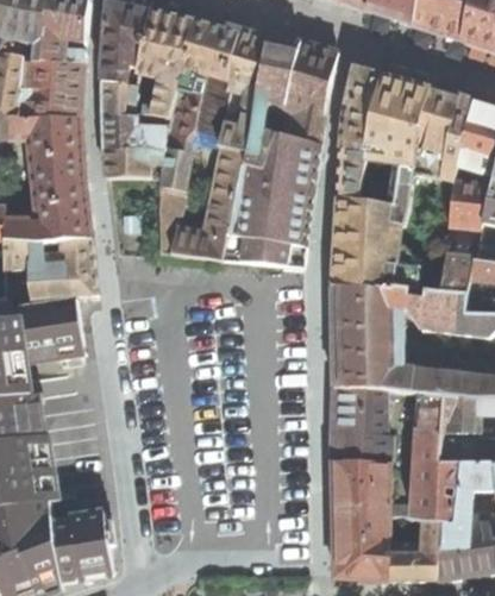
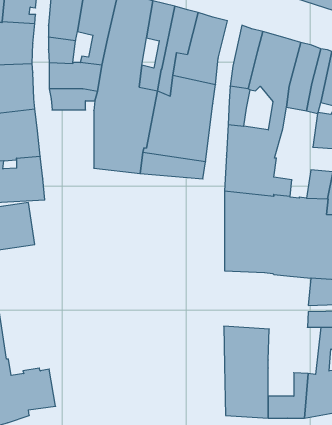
building: [331,387,393,463] -> none
building: [389,394,458,522] -> none

